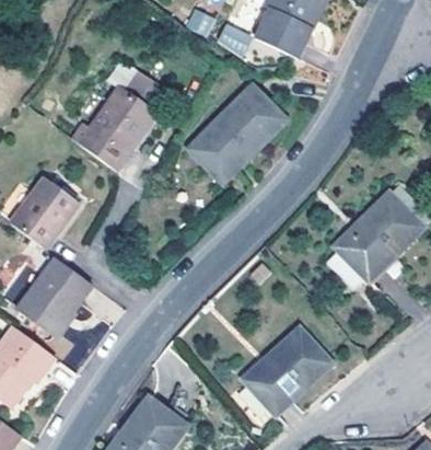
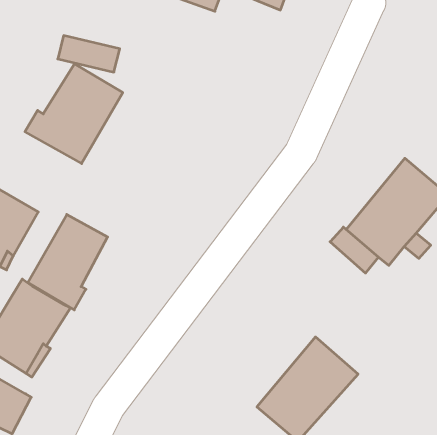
building: [187,85,281,180] -> none
building: none -> [28,214,108,310]

